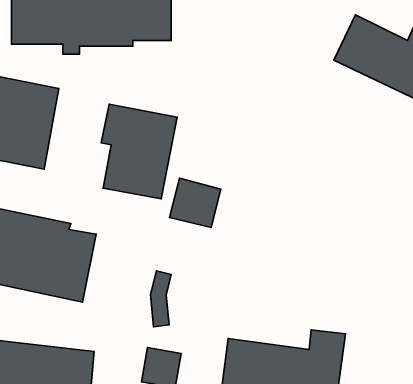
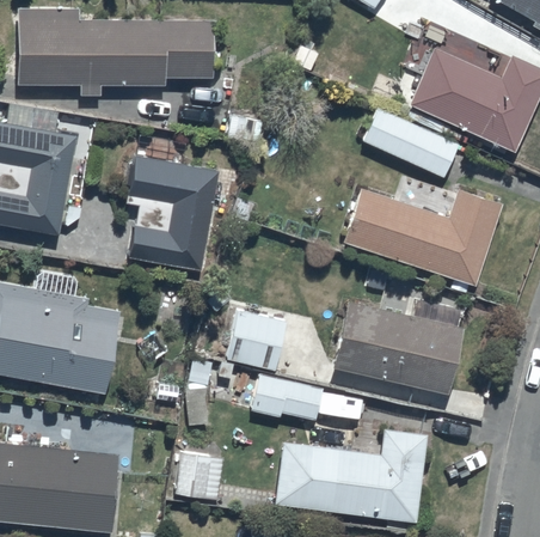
building: none -> [361,109,456,177]
building: none -> [340,185,499,283]
building: [170,178,221,228] -> [227,311,289,371]
building: none -> [331,299,462,392]
building: none -> [253,377,323,422]

